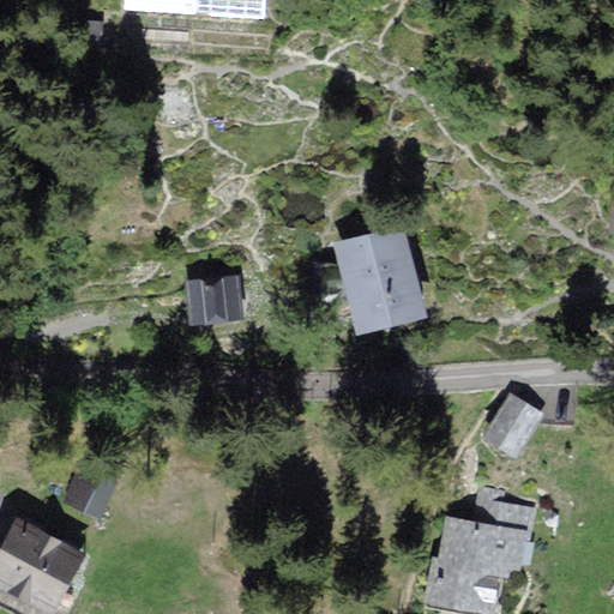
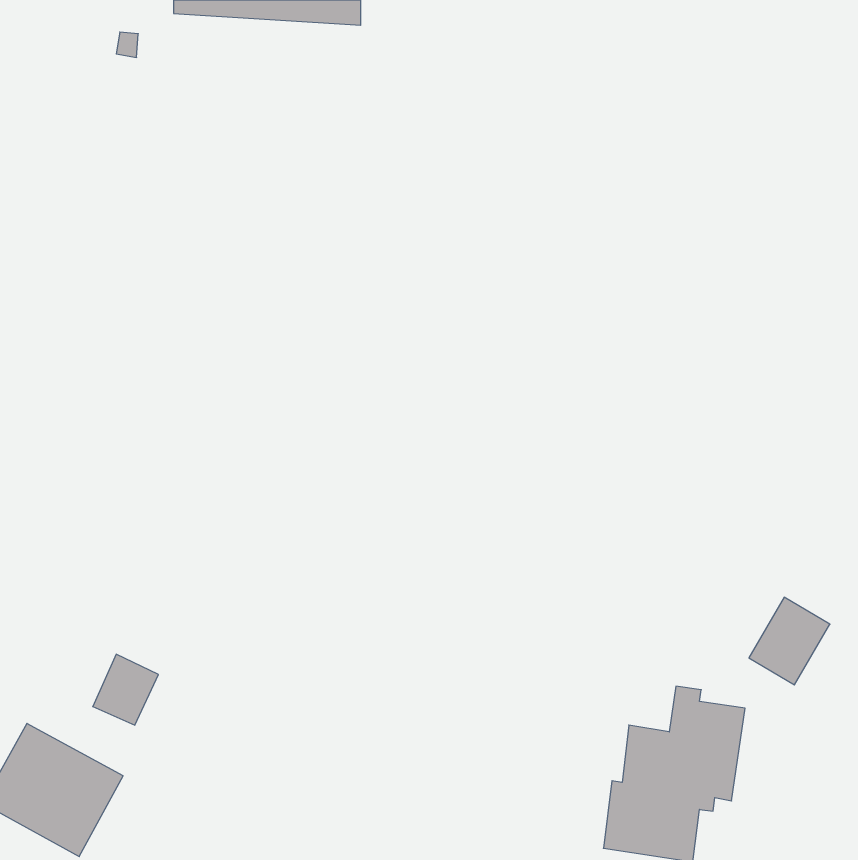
building: [333,227,422,327] -> none
building: [185,275,243,326] -> none
building: [483,392,541,455] -> [749,597,830,685]

